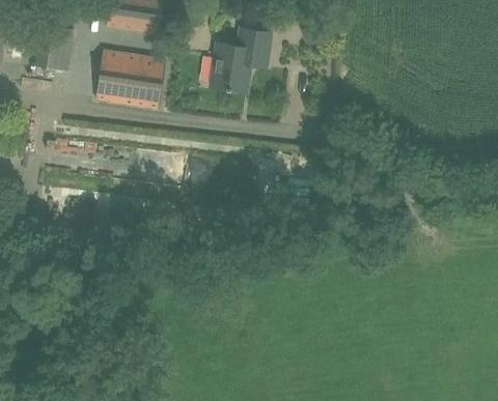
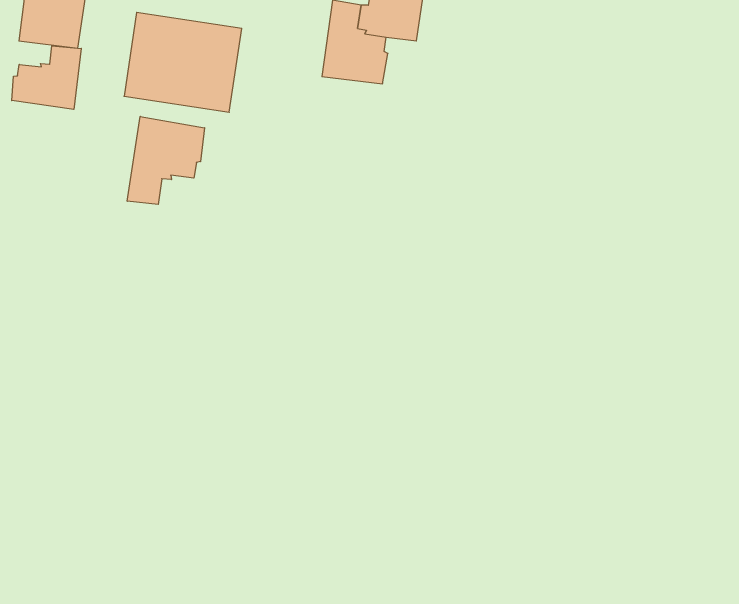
building: none -> [12,46,81,109]
building: none -> [127,116,205,204]

